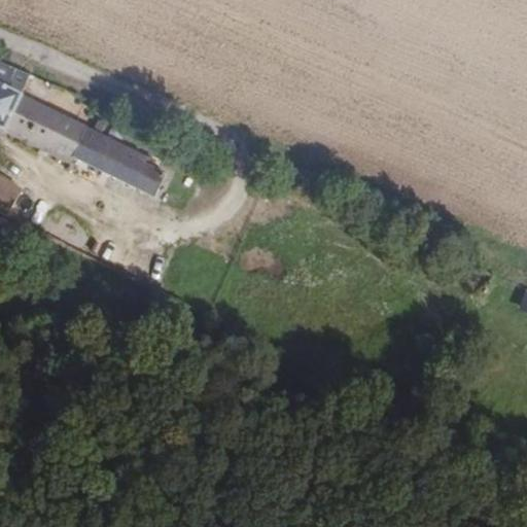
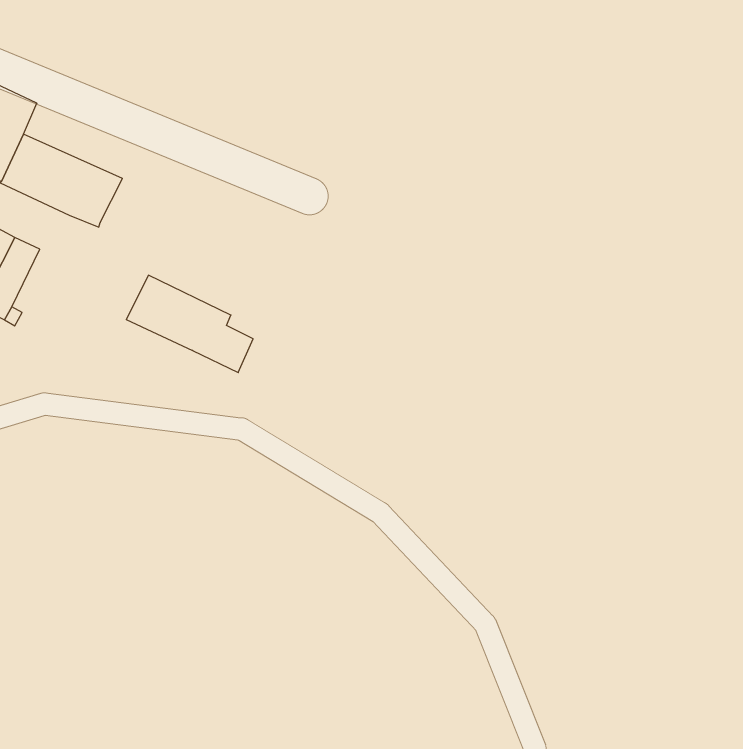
building: [70,125,159,192] -> [126,275,253,373]

